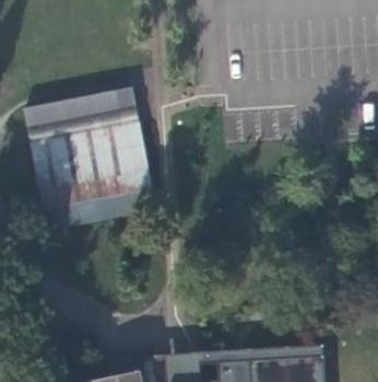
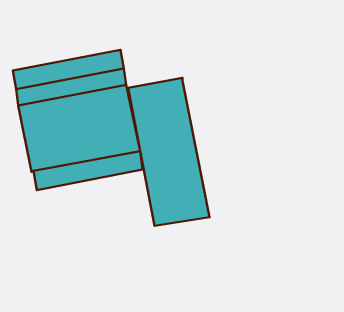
building: none -> [128,78,209,226]

